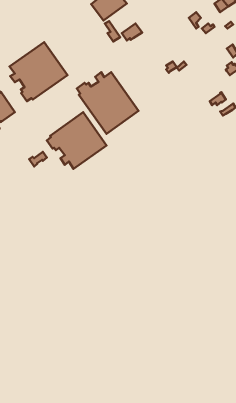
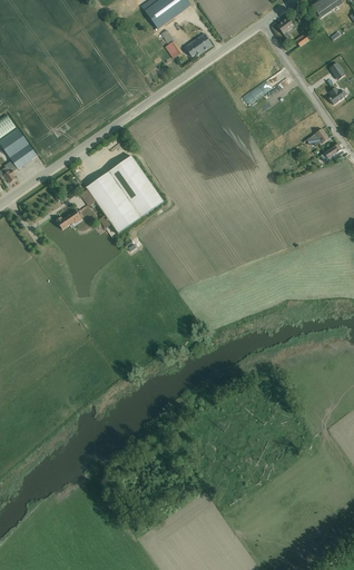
building: [10,42,67,101] -> none
building: [77,72,139,134] -> none

